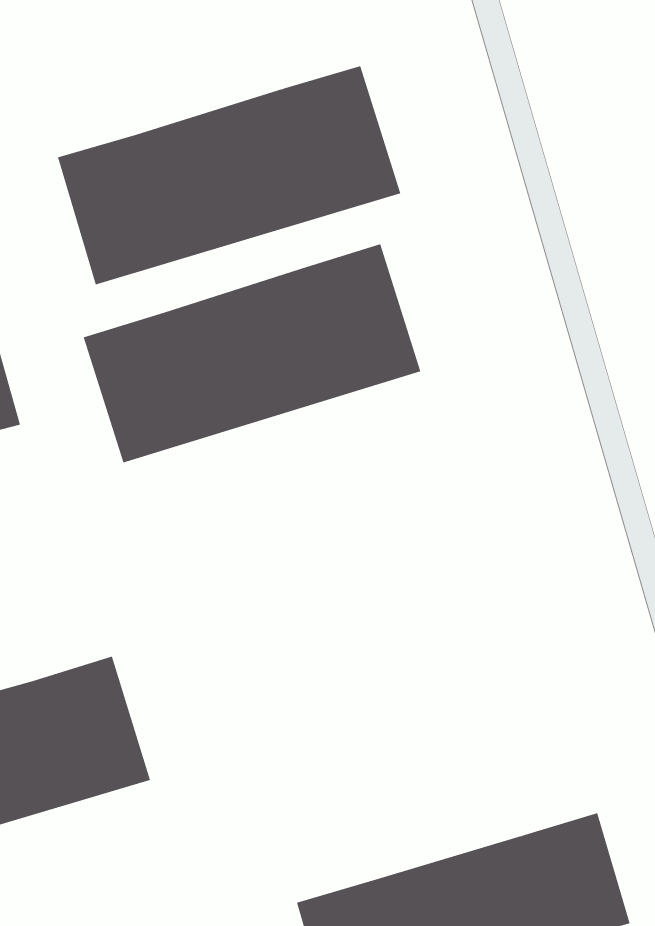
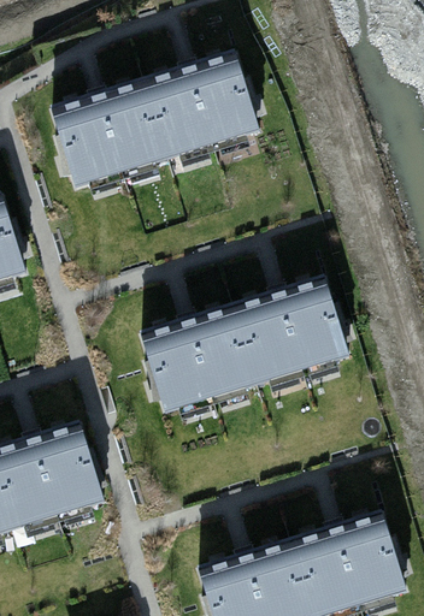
building: [83,244,421,463] -> [137,277,351,415]

